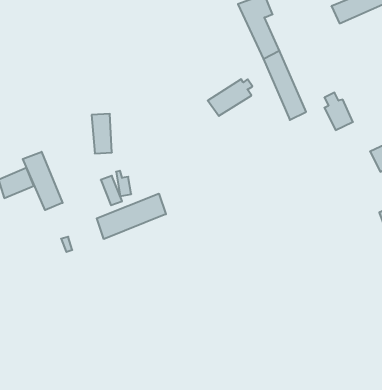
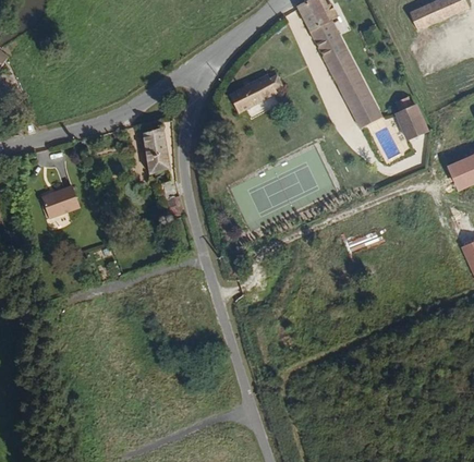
building: [208,79,252,116] -> [236,73,284,112]
building: [23,152,63,210] -> none
building: [97,194,166,239] -> none

